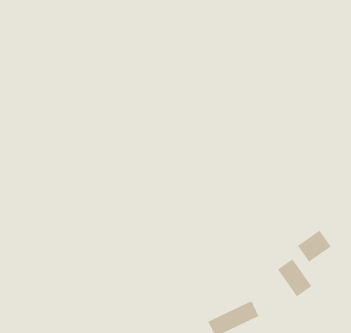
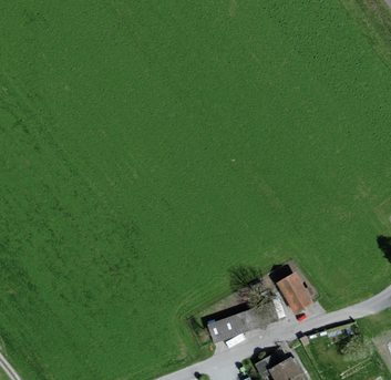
building: [297,230,331,263] -> none

